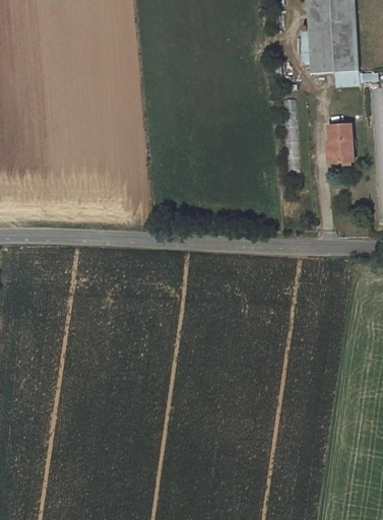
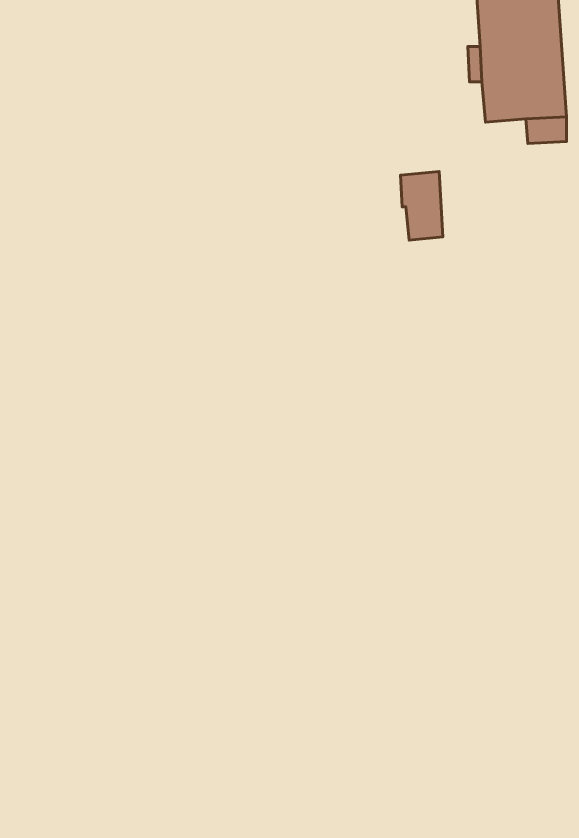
building: [328,123,353,162] -> [400,172,443,240]

